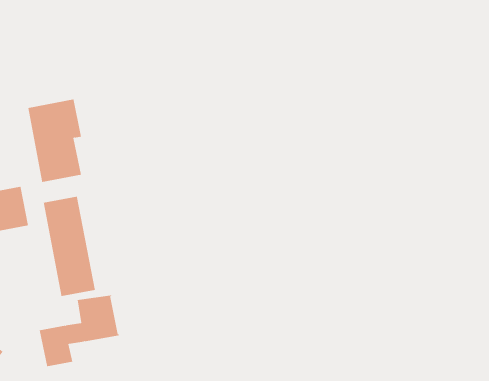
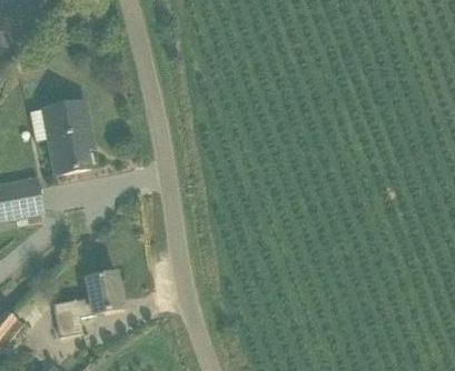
building: [43,196,95,297] -> none

